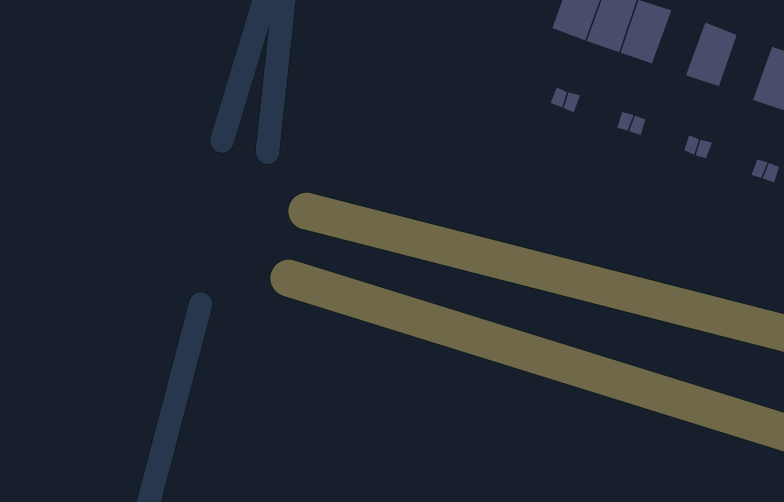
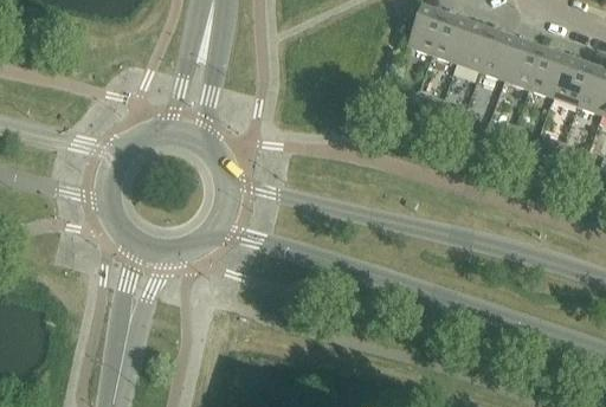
building: none -> [479,30,517,77]
building: none -> [528,47,566,95]

